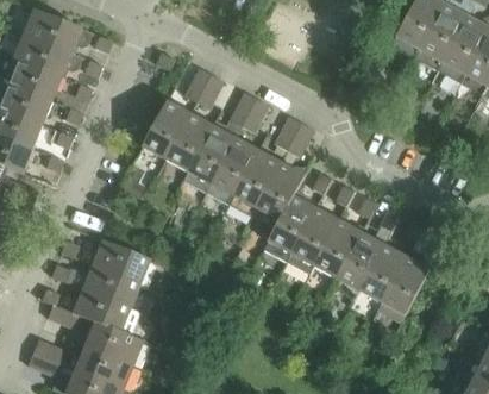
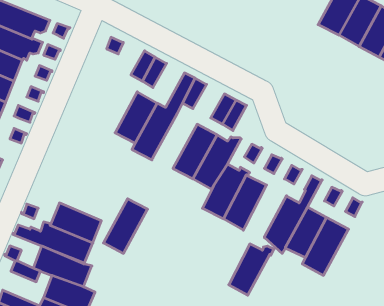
building: [142,101,190,160] -> none
building: [208,138,258,200] -> [103,199,148,253]
building: [313,219,364,277] -> [229,244,274,295]

